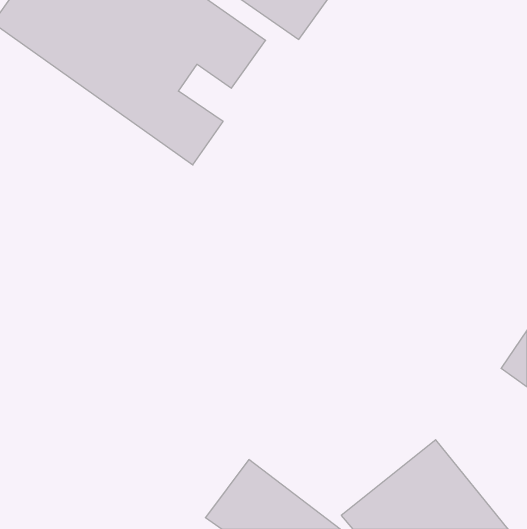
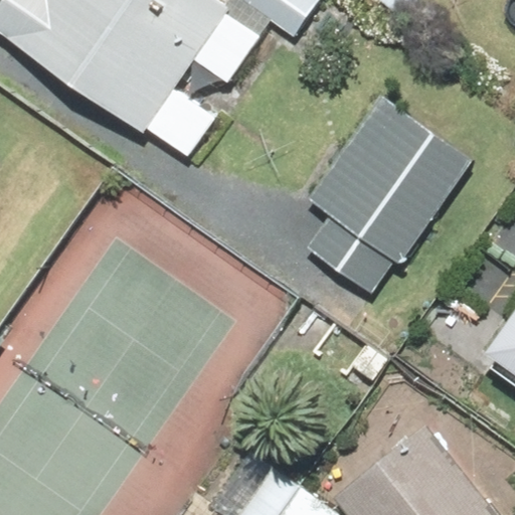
building: none -> [305,104,469,293]

